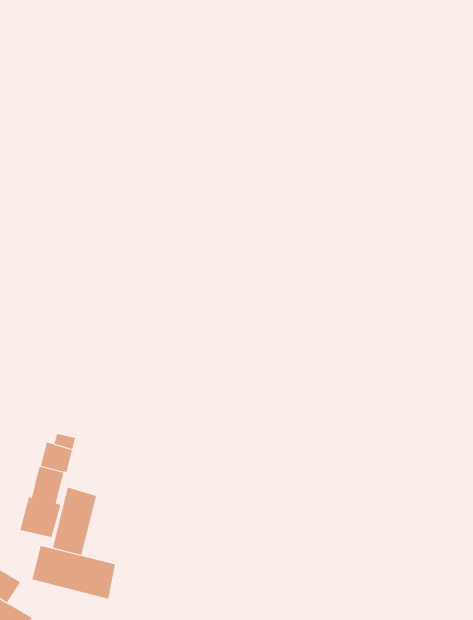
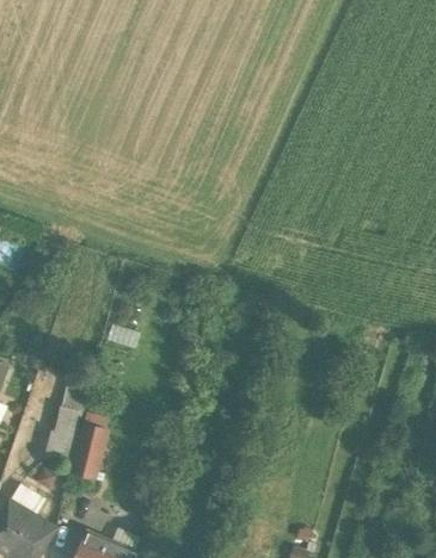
building: [32,545,116,600] -> none

